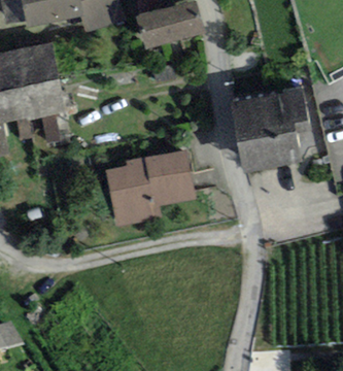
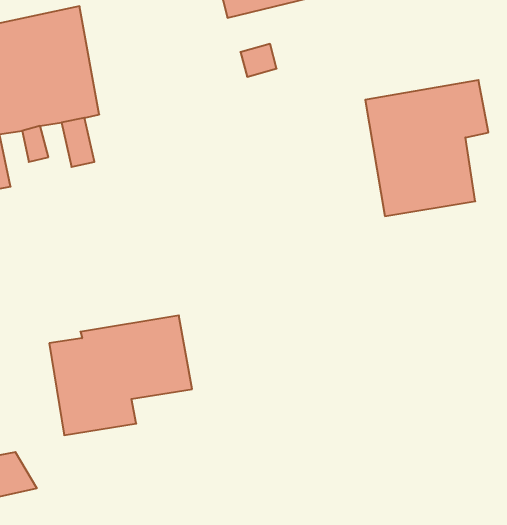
building: [106,150,196,226] -> [49,315,192,435]

